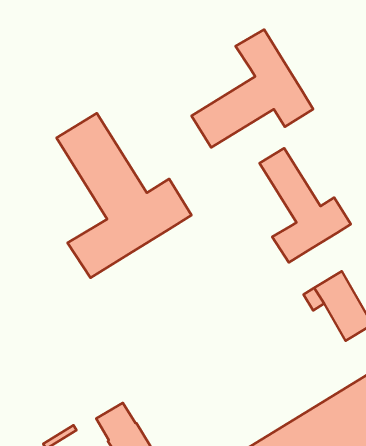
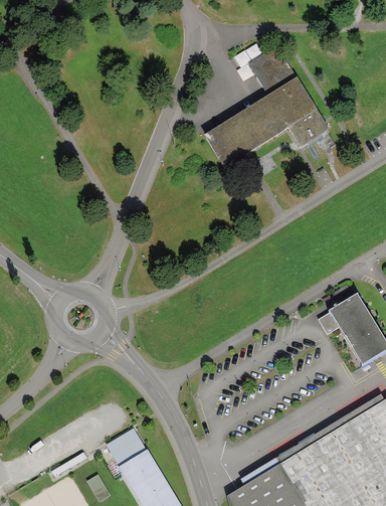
building: [57,113,192,278] -> none
building: [260,148,351,263] -> none

